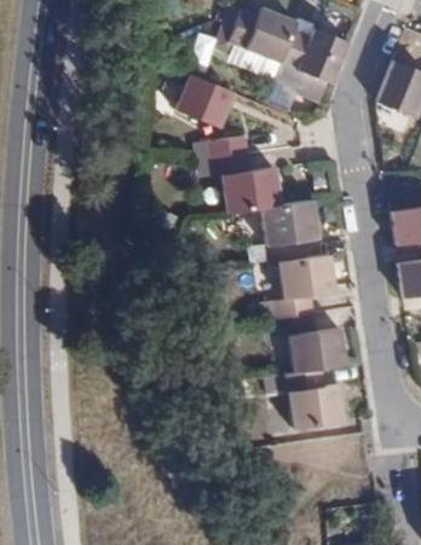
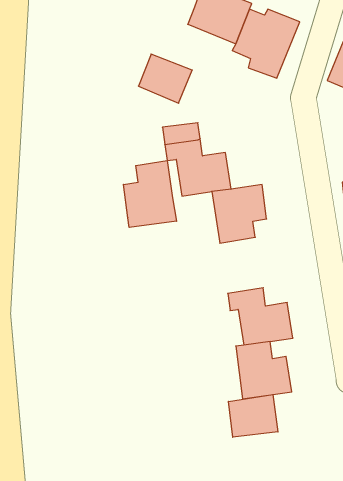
building: none -> [123,161,177,227]
building: [270,262,329,324] -> none
building: none -> [228,395,278,437]

